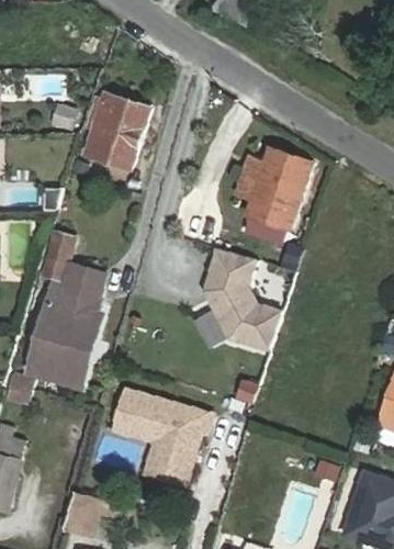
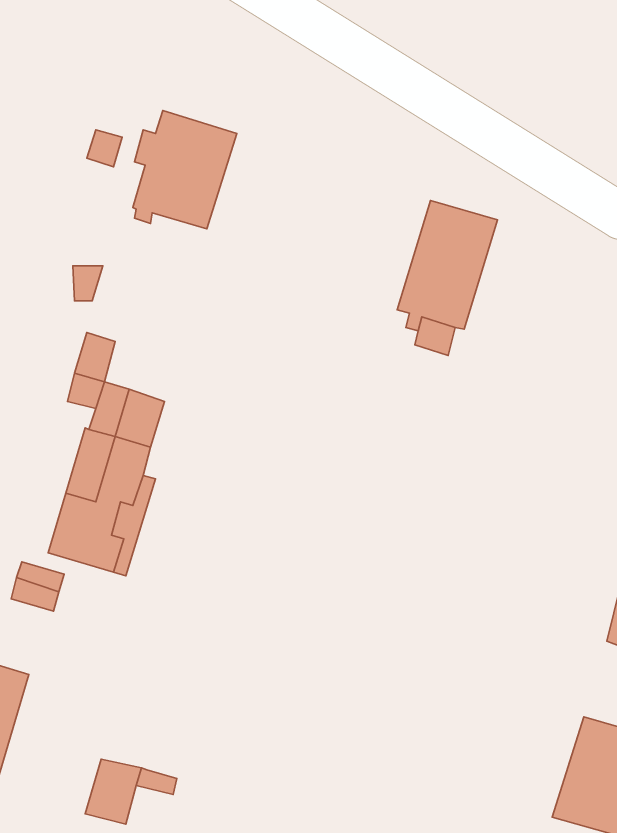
building: [202,247,280,348] -> none
building: [109,394,205,486] -> none

